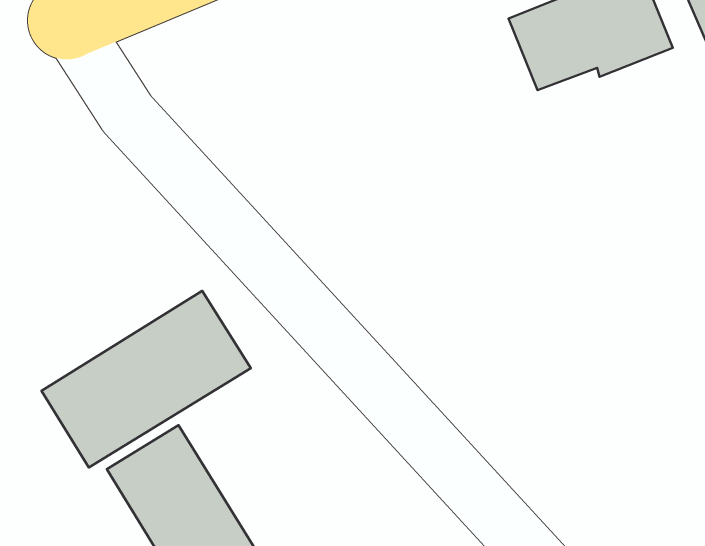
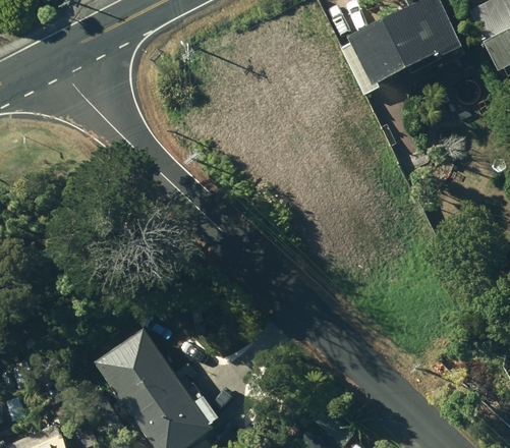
building: [41,291,251,468] -> none

